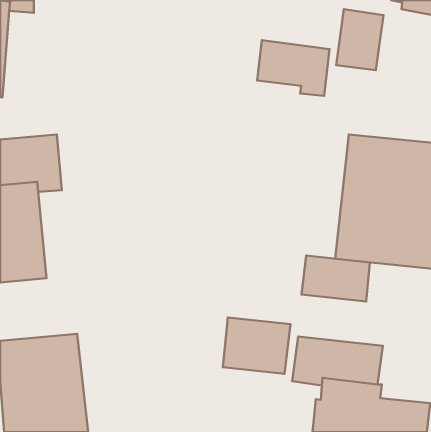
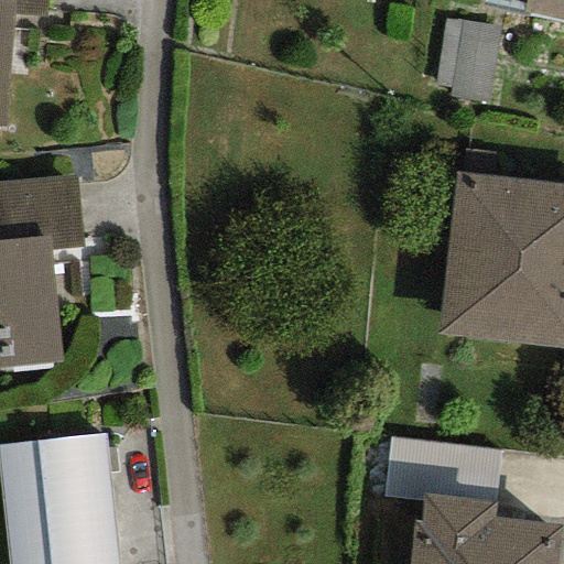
building: [257,40,330,96] -> none
building: [301,256,370,302] -> none
building: [223,317,290,374] -> none

